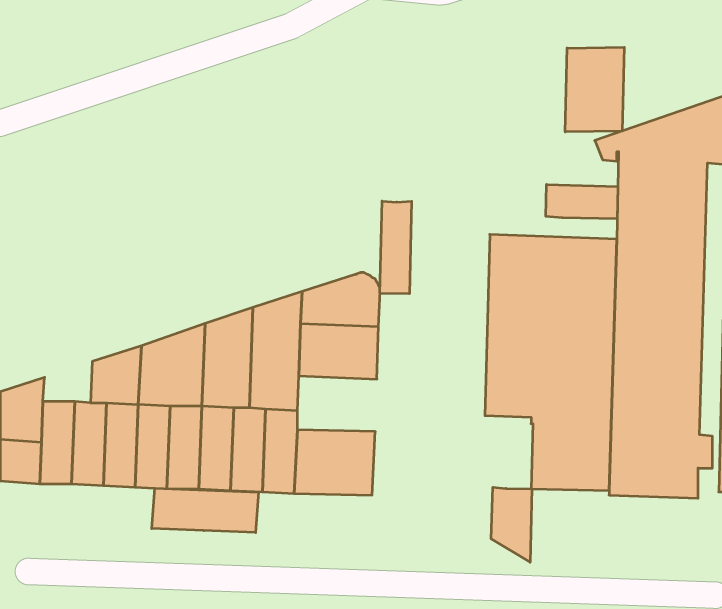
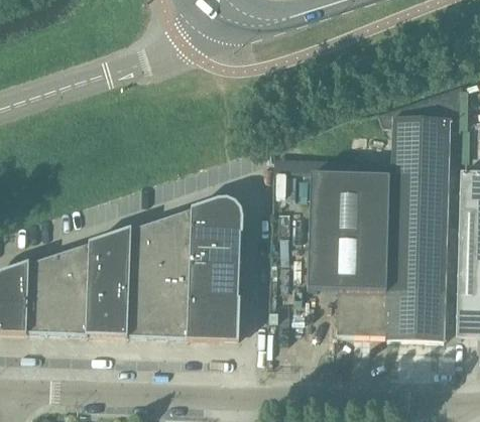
building: [565,47,624,132] -> none
building: [546,184,618,219] -> none
building: [380,201,412,294] -> none
building: none -> [27,255,58,281]
building: none -> [189,264,239,299]
building: [491,487,532,562] -> none
building: [152,488,259,533] -> none

